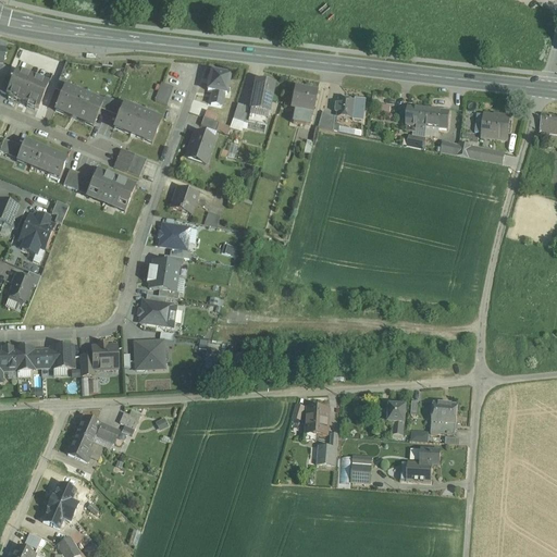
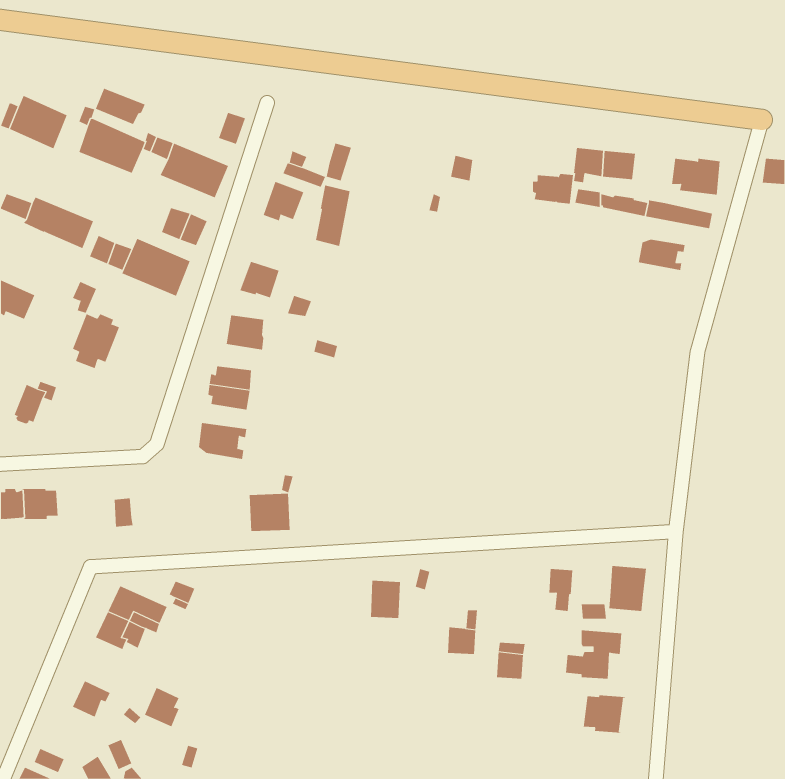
building: none -> [95,88,146,125]
building: [208,66,230,103] -> none
building: [249,77,274,121] -> [315,185,351,246]
building: [290,86,318,123] -> none
building: [336,96,366,117] -> [532,173,574,204]
building: none -> [638,239,685,271]
building: [20,213,53,252] -> [72,313,120,369]
building: [135,341,164,368] -> [249,493,290,532]
building: [92,342,117,367] -> none
building: [40,344,74,367] -> none
building: [307,406,329,433] -> [370,580,401,619]
building: none -> [583,695,625,734]
building: [42,500,67,529] -> [144,687,179,727]

